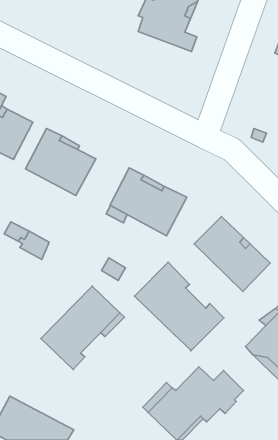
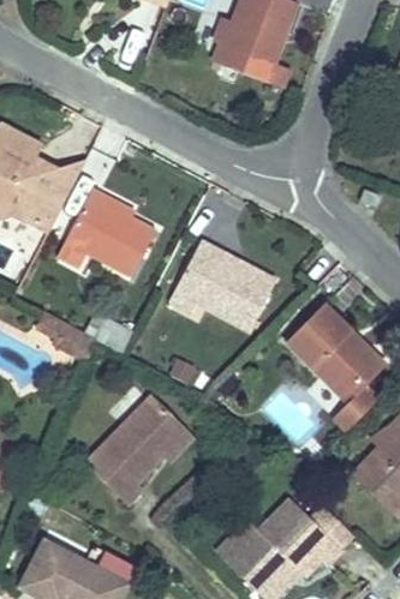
building: [135,262,224,351] -> none

